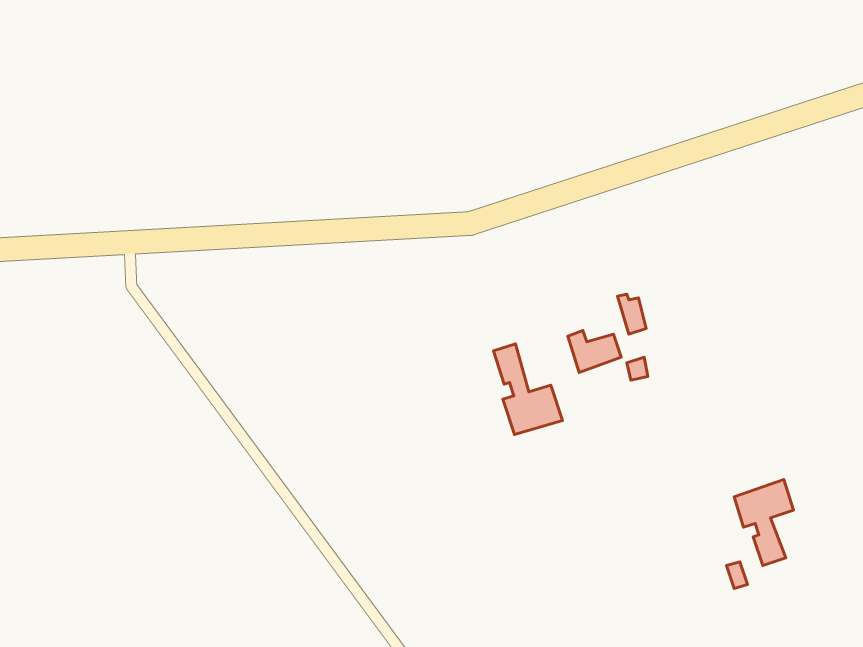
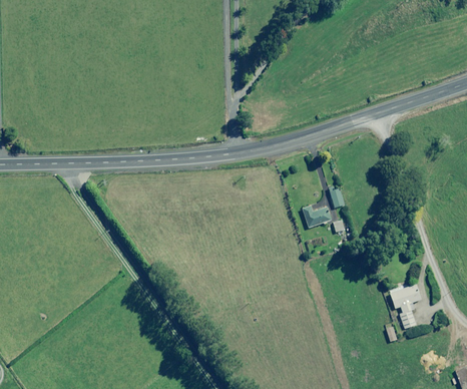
building: [493,344,563,434] -> none

